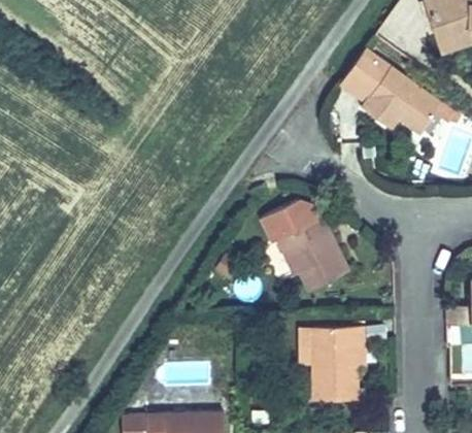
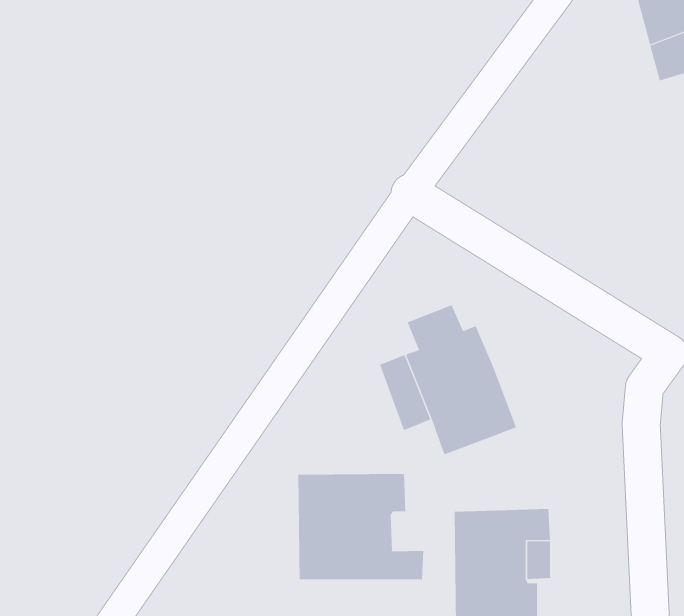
building: [337,44,447,136] -> none
building: none -> [298,473,424,580]

